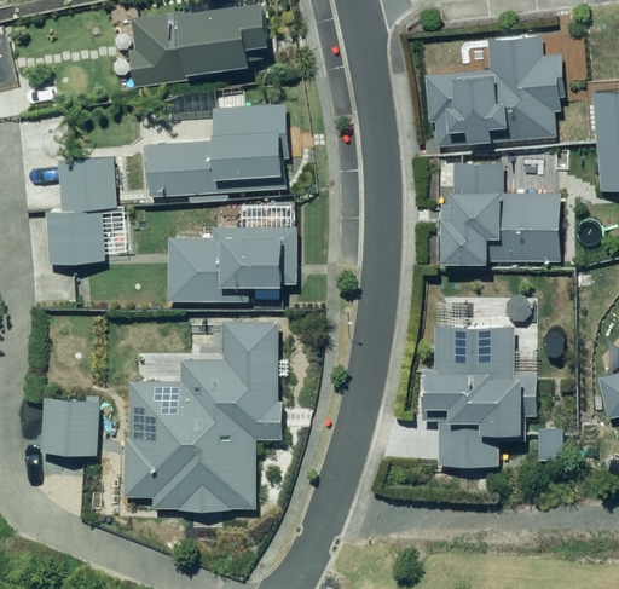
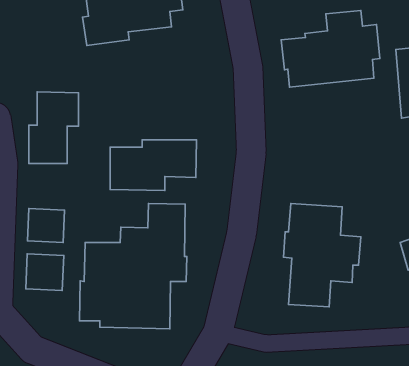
building: [145,104,290,197] -> none
building: [441,164,562,264] -> none
building: none -> [27,209,65,242]

